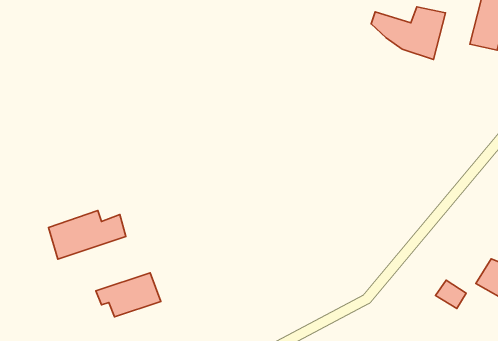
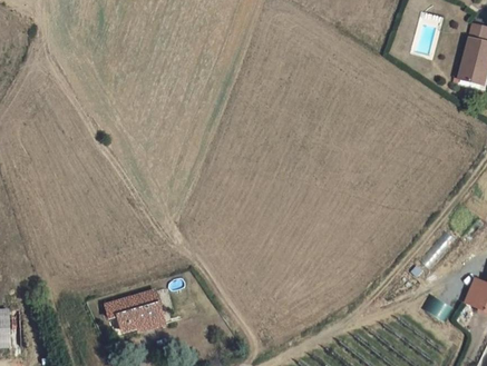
building: [371,7,445,59] -> none
building: [49,210,126,259] -> none

